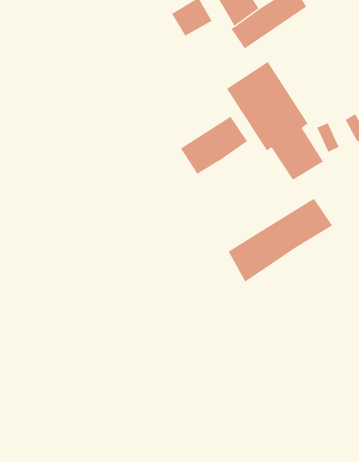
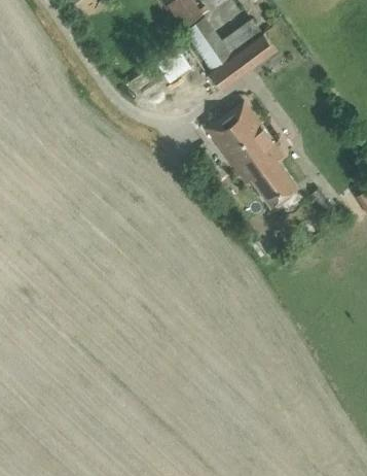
building: [180,116,248,175] -> none
building: [228,198,333,282] -> none

